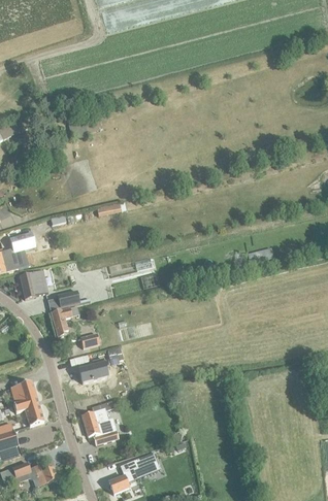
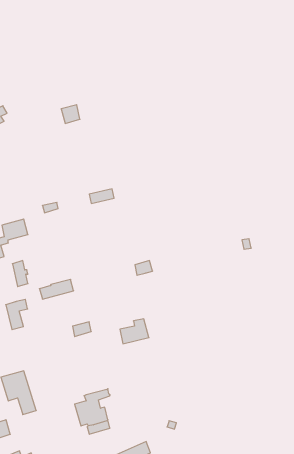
building: [51,307,72,337] -> [6,299,28,330]
building: [78,359,107,383] -> [120,319,149,344]

